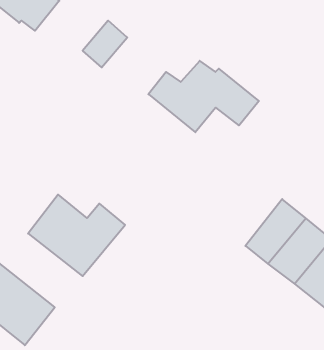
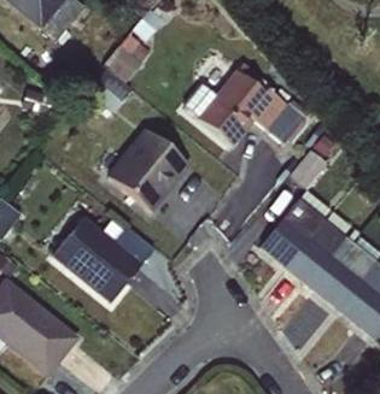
building: none -> [105,127,191,213]
building: none -> [258,148,331,270]

